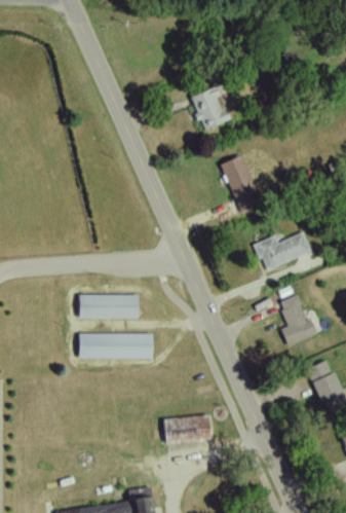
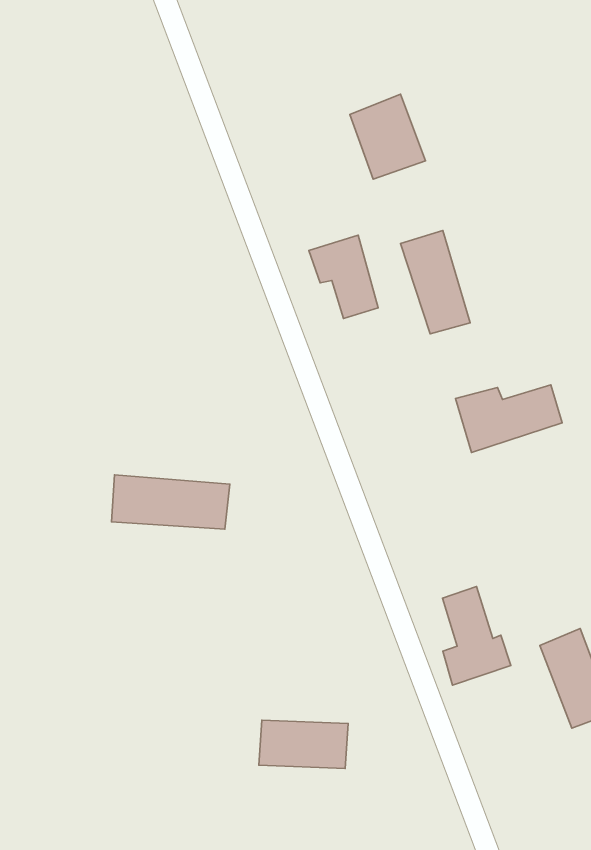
building: none -> [309,235,378,319]
building: [279,294,317,346] -> [442,587,511,685]
building: [78,333,153,359] -> none

